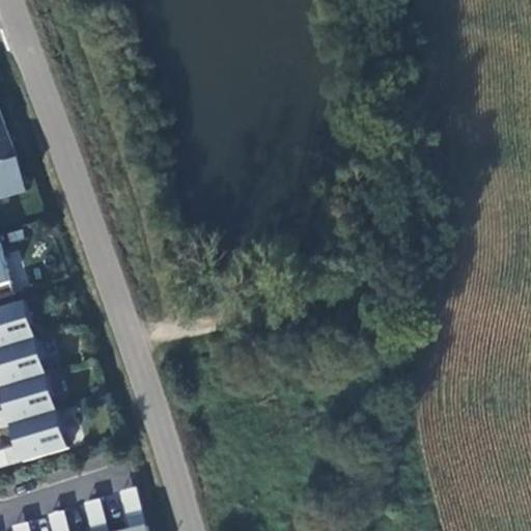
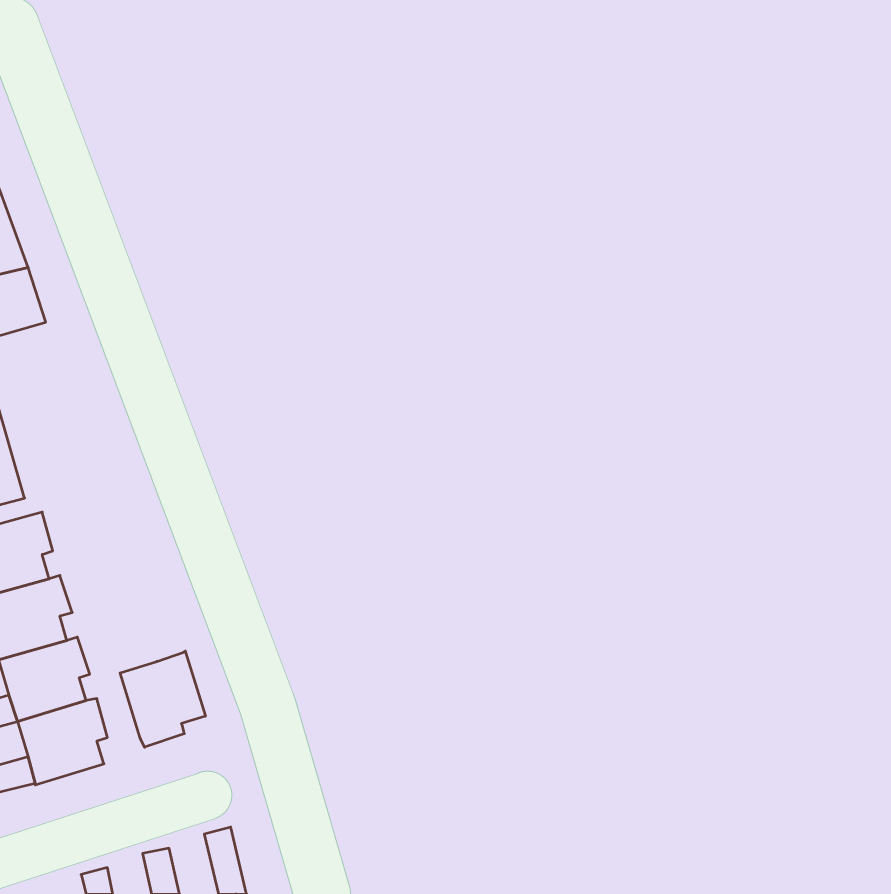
building: none -> [120,651,205,747]

